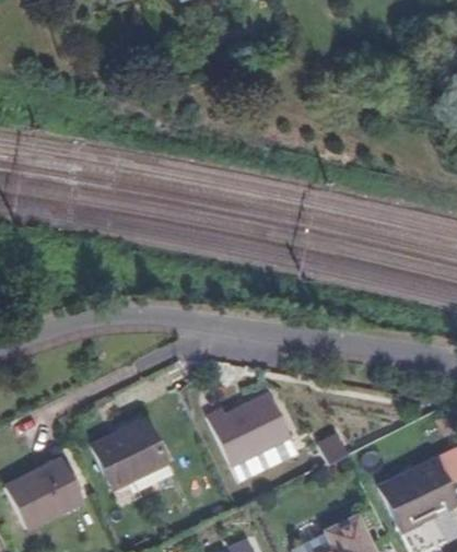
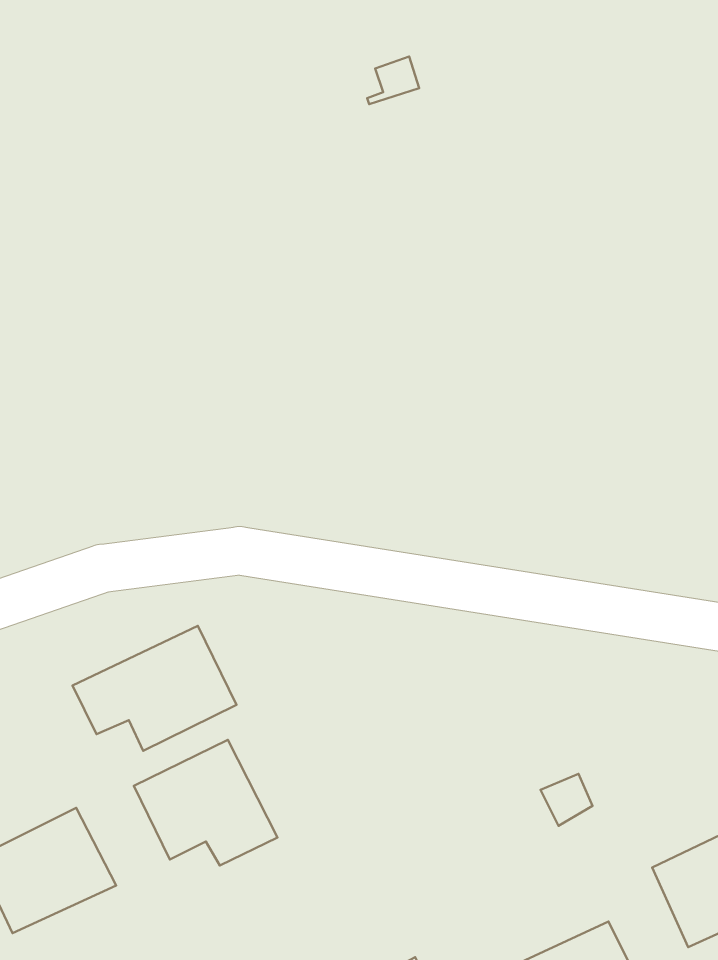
building: none -> [72,626,237,751]
building: [210,392,293,465] -> none

